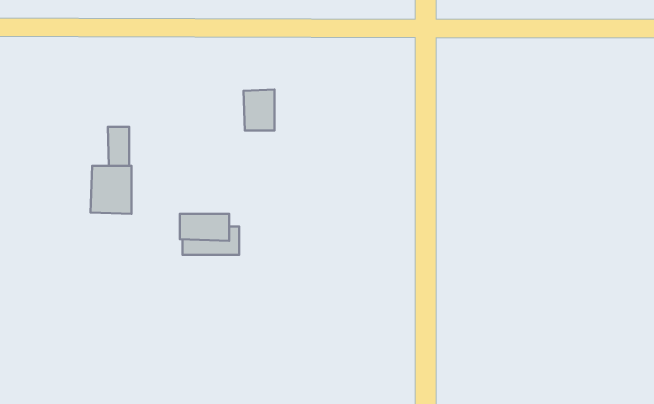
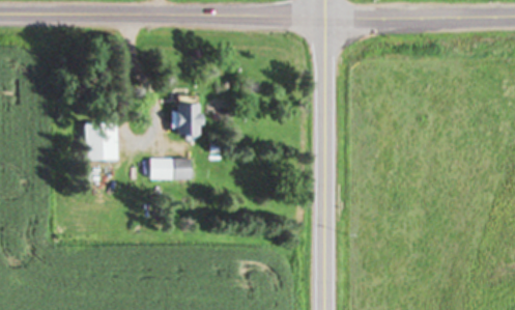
building: [243,89,275,130] -> [175,105,198,135]
building: [108,127,129,166] -> none

